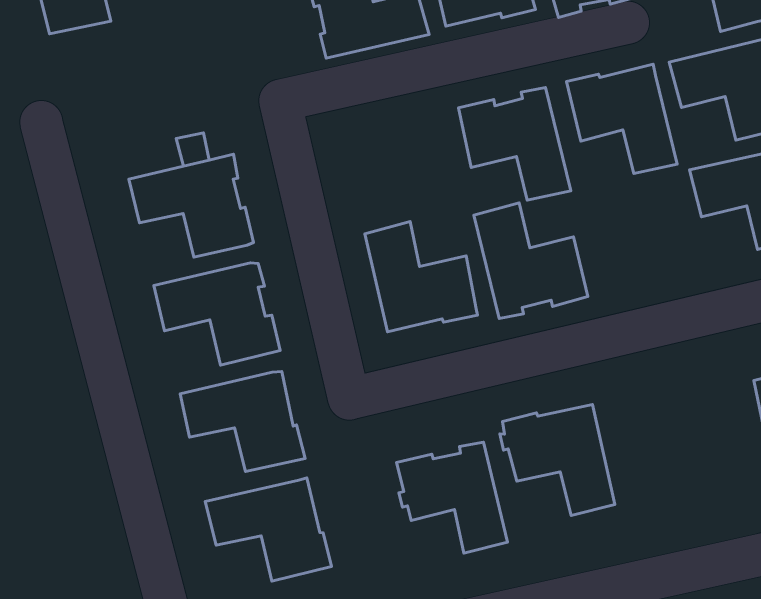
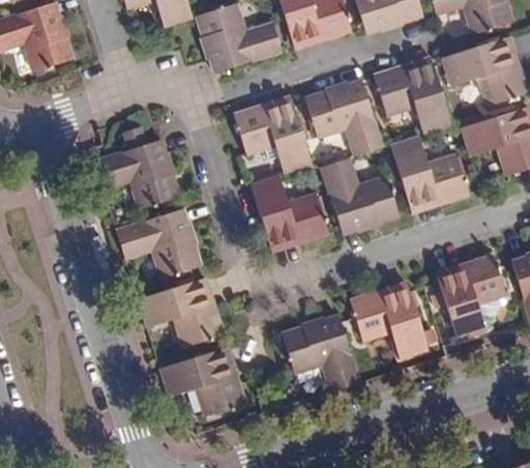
building: none -> [234,100,312,174]
building: none -> [390,136,470,209]
building: none -> [437,256,509,341]

